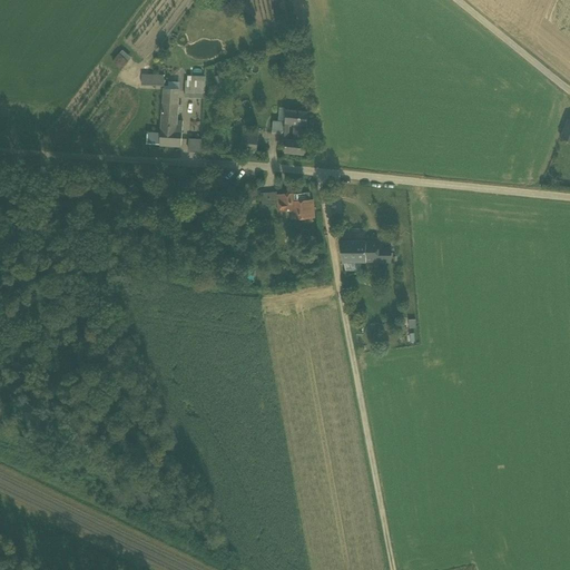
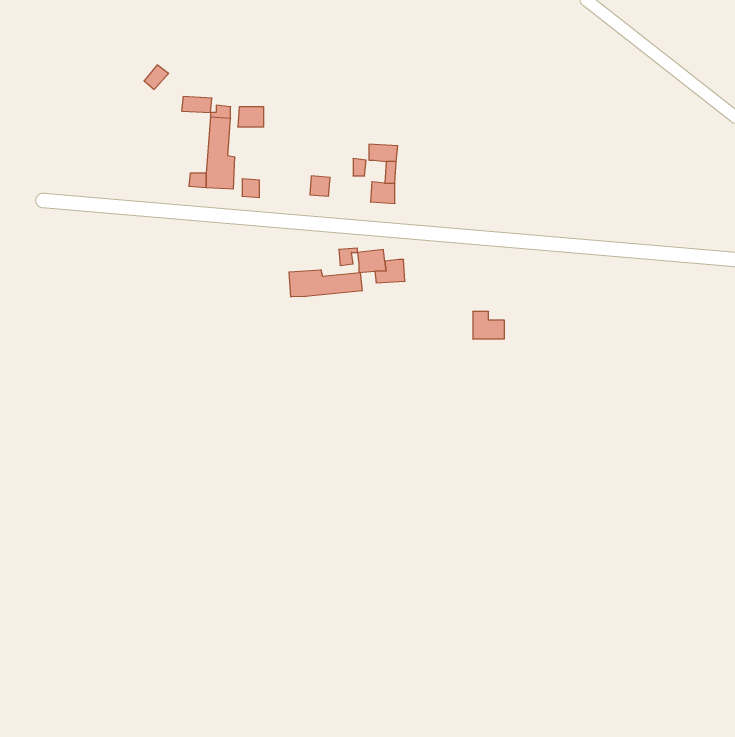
building: none -> [289,270,362,297]
building: [338,240,365,262] -> none

